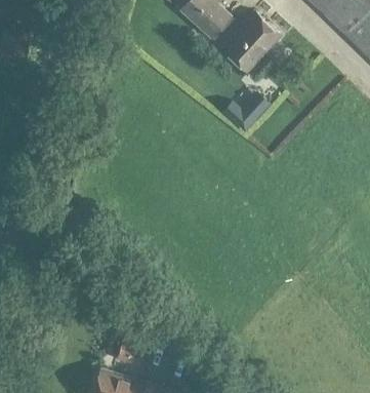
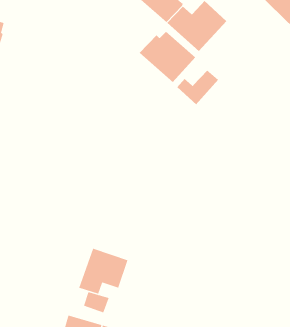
building: none -> [139,31,196,83]
building: none -> [78,248,128,295]

